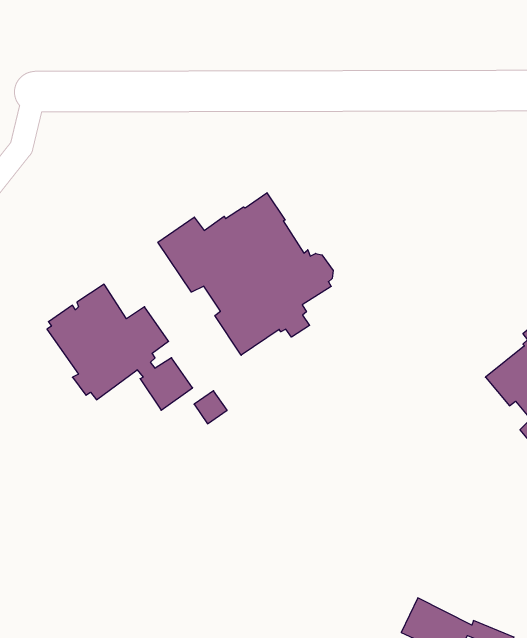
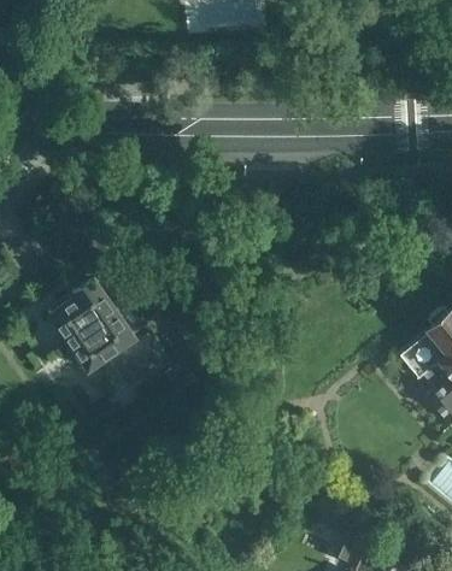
building: [158,193,333,355] -> none

